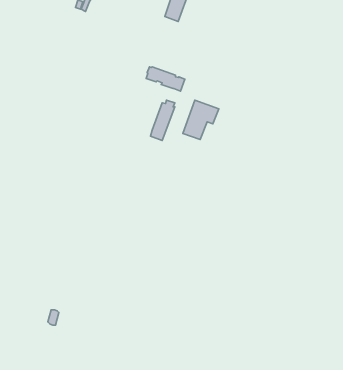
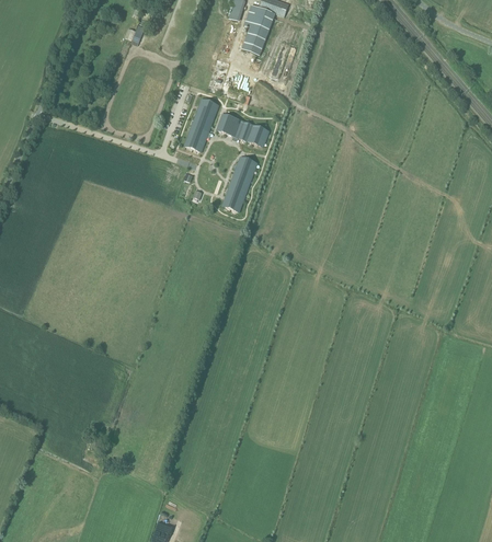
building: none -> [184,99,217,150]
building: [183,100,219,140] -> none

